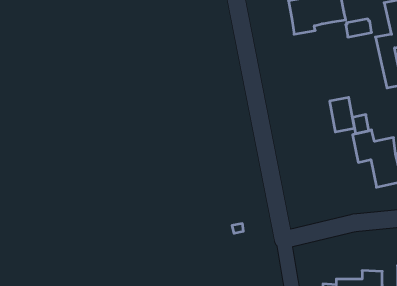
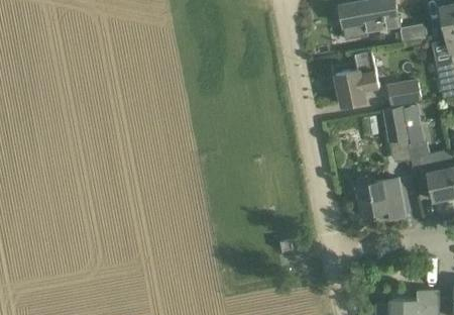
building: none -> [335,50,379,106]
building: none -> [386,79,422,107]
building: none -> [355,177,405,220]

